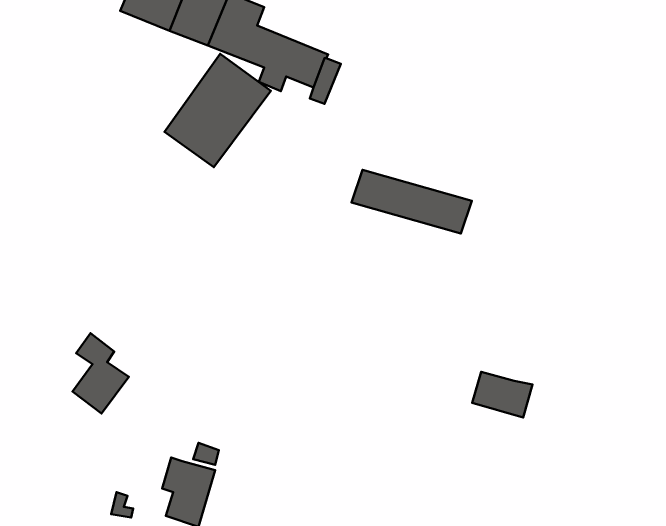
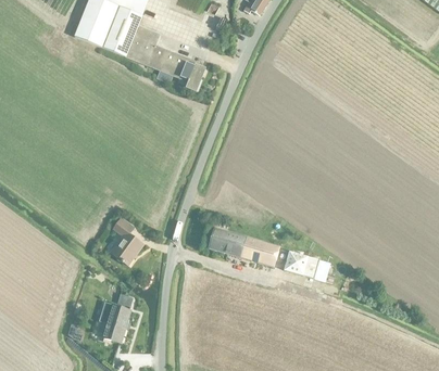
building: [164,54,271,167] -> none
building: [352,170,472,233] -> [209,228,280,266]
building: [72,333,129,413] -> [110,217,143,265]

